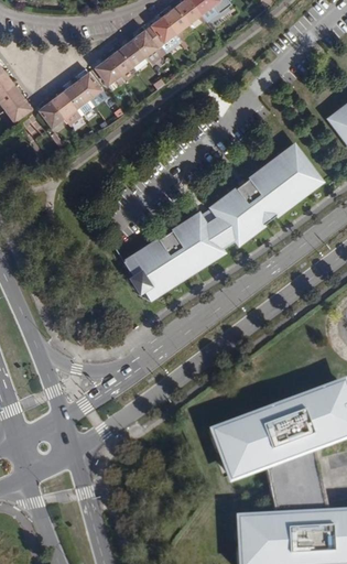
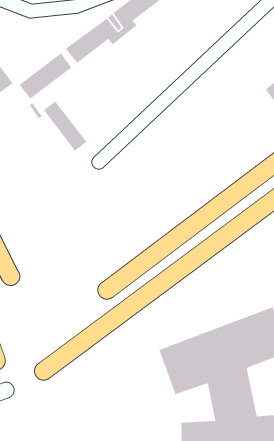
building: none -> [43,100,87,152]
building: [129,144,327,296] -> none

